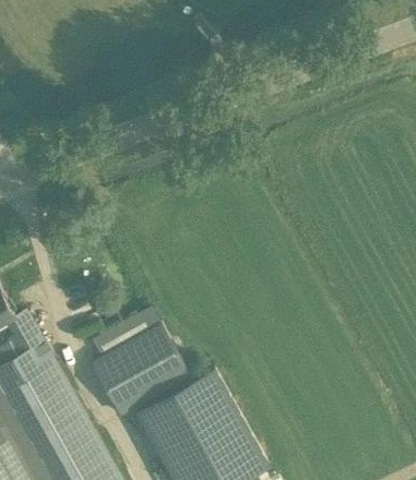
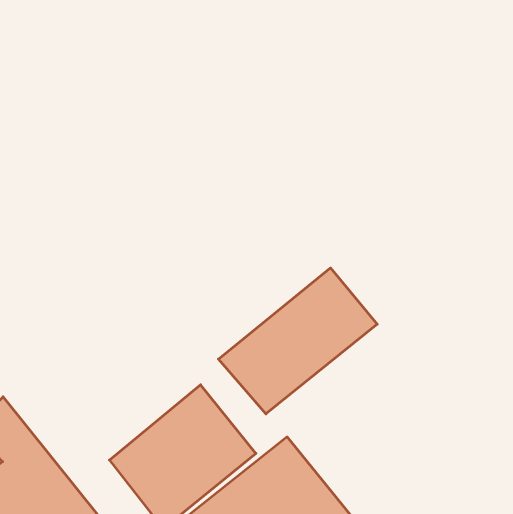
building: none -> [218,268,377,414]

